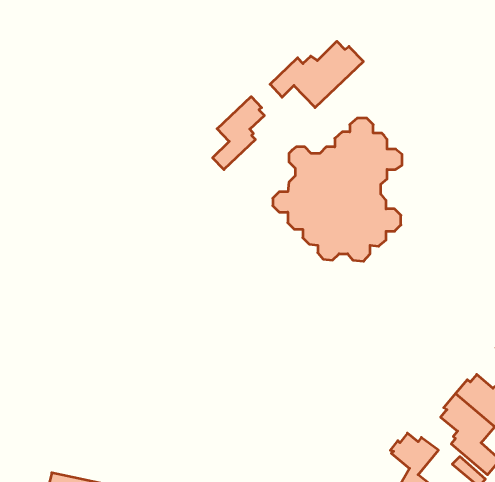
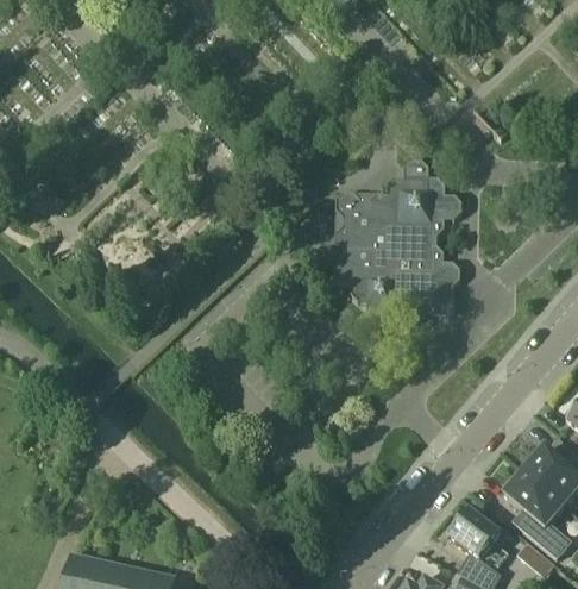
building: [270,41,363,108] -> none
building: [213,97,264,170] -> none

